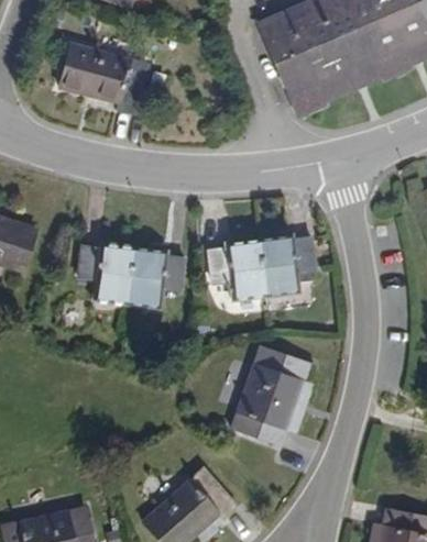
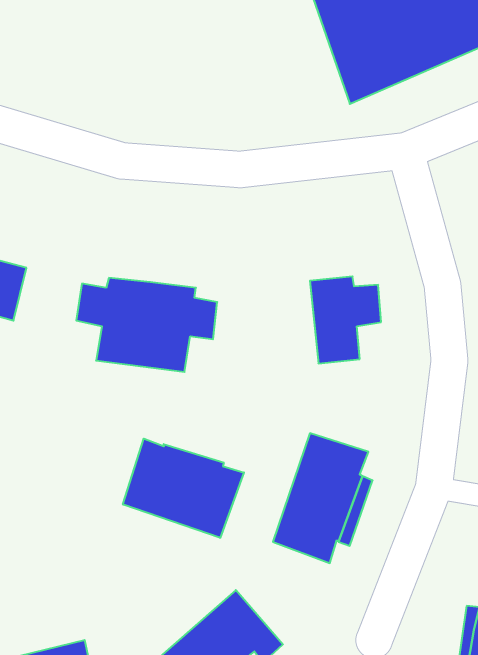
building: [61,52,147,123] -> none
building: [209,242,266,309] -> none
building: none -> [123,439,244,538]

